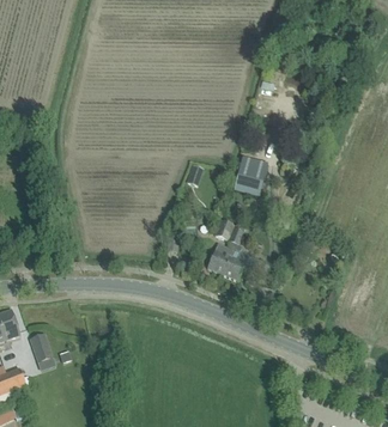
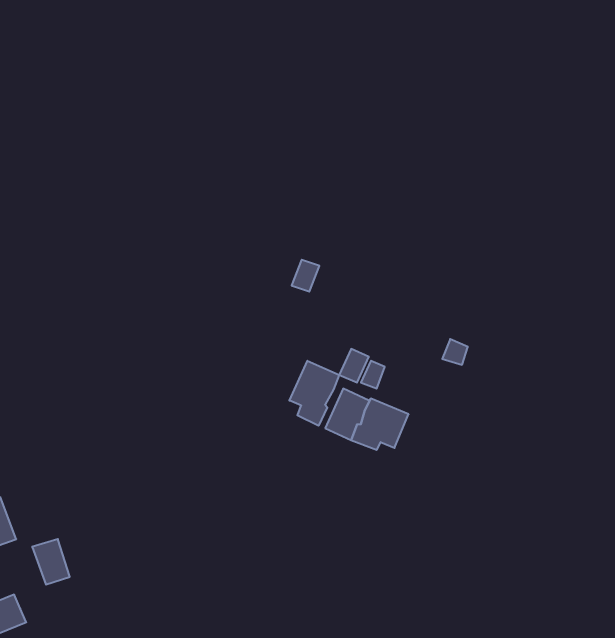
building: [232,154,267,195] -> none
building: none -> [289,361,339,426]

